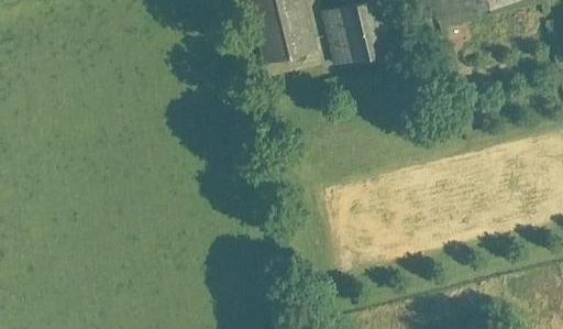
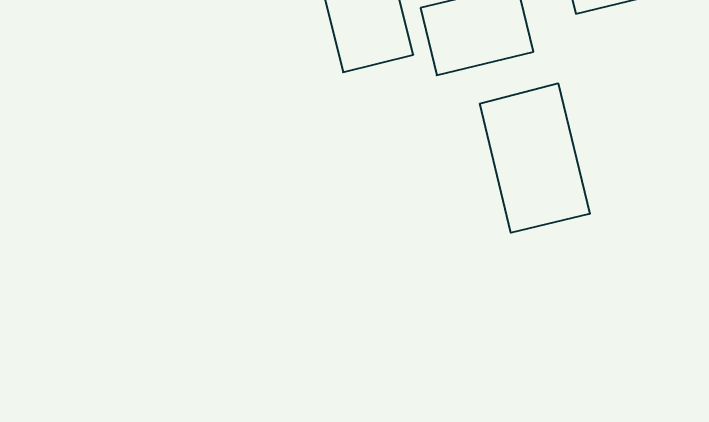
building: none -> [480,83,590,233]

